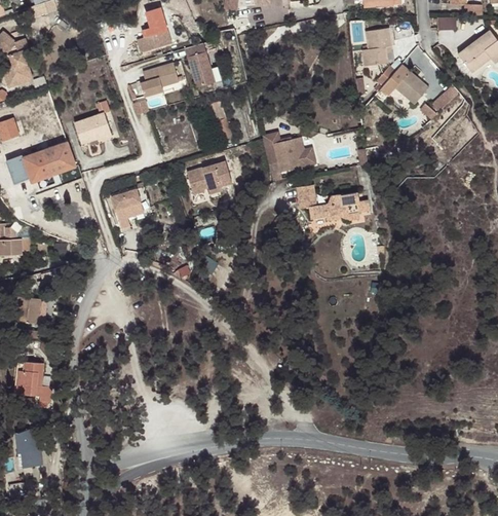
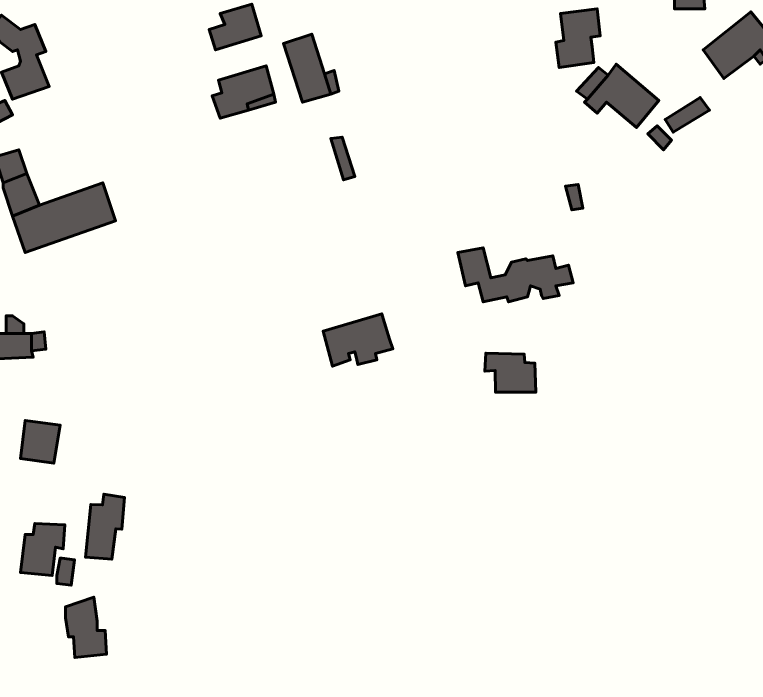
building: [72,101,110,144] -> none
building: [270,136,307,180] -> none
building: [190,160,235,194] -> [323,314,393,366]
building: [113,187,146,228] -> none
building: none -> [485,353,536,392]
building: none -> [86,494,124,559]
building: [13,428,40,467] -> [65,597,107,657]

